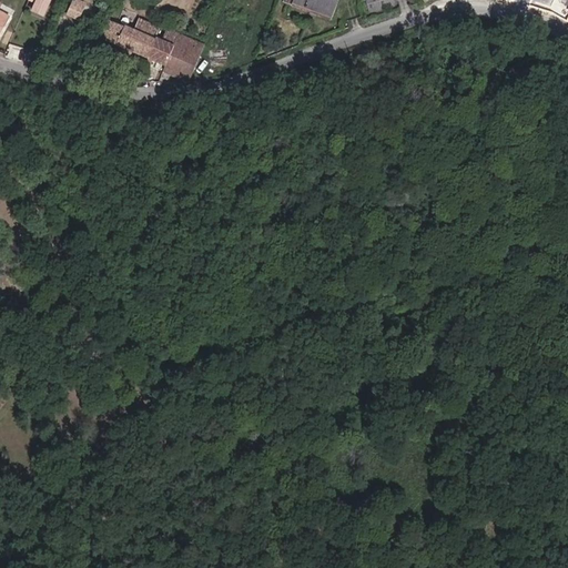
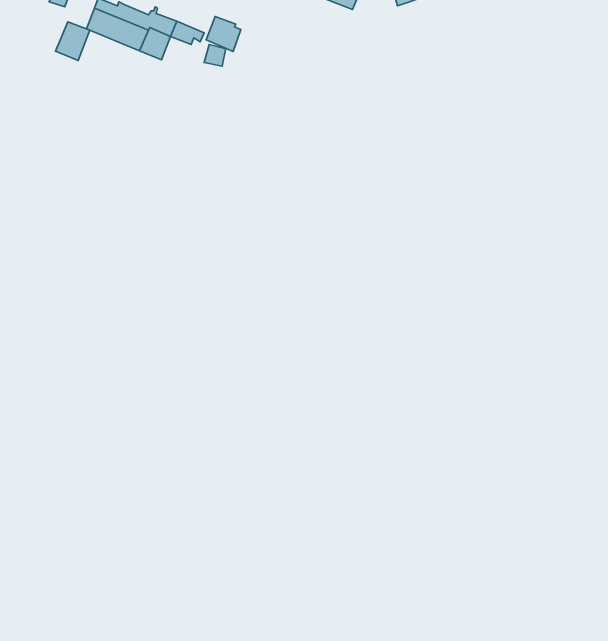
building: none -> [55,22,90,60]
building: [165,44,195,74] -> [206,17,241,51]

